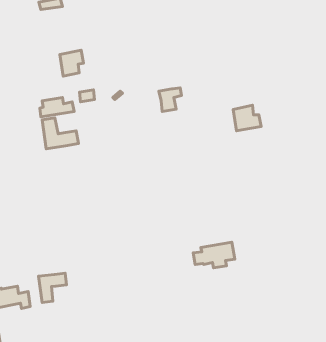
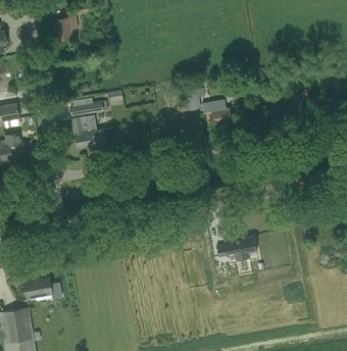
building: [60,50,83,76] -> [54,15,77,40]
building: [233,105,261,131] -> [205,99,232,123]
building: [39,273,67,303] -> none

